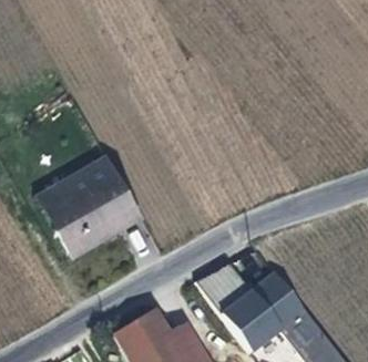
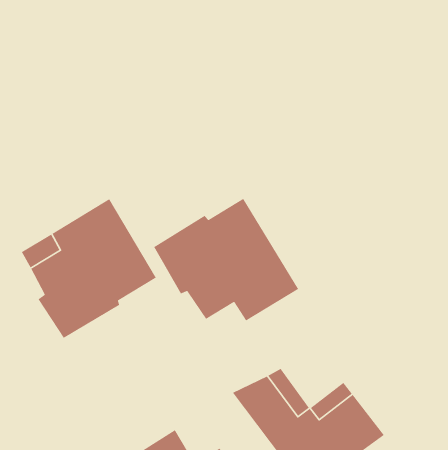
building: none -> [153,198,299,321]

